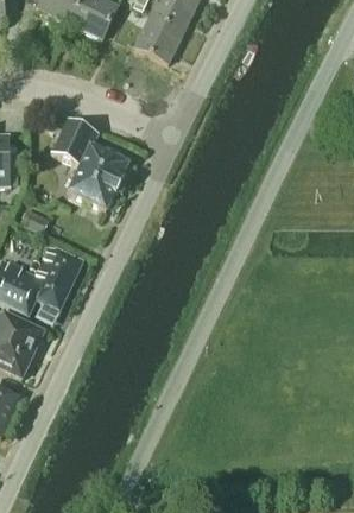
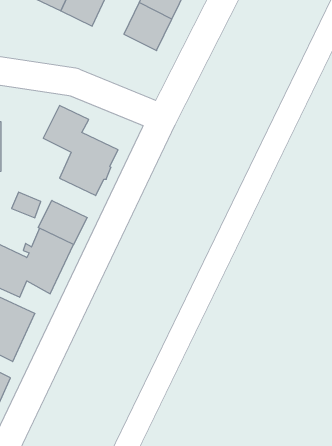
building: none -> [38,200,87,245]

